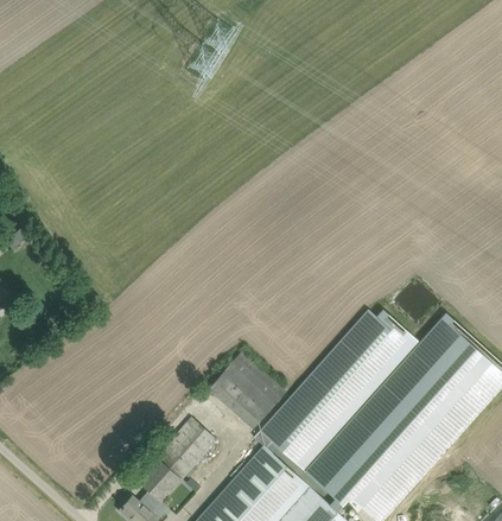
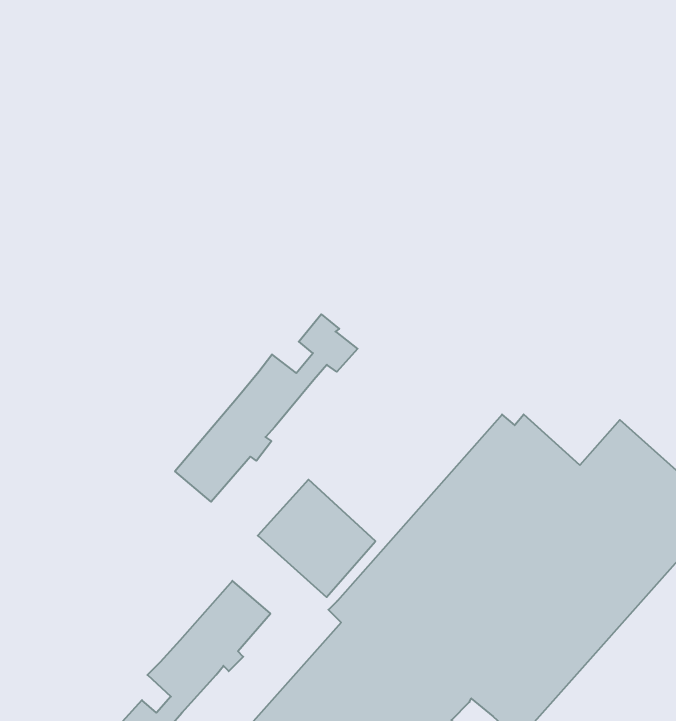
building: none -> [175,314,358,502]

